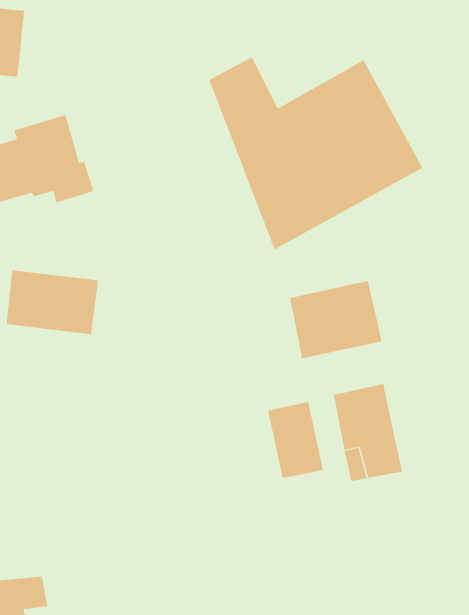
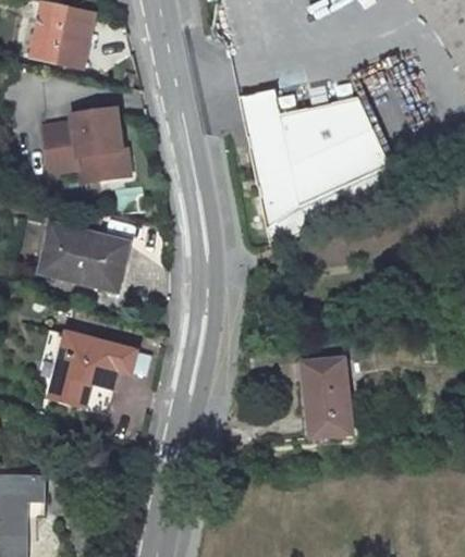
building: [289,280,382,359] -> none
building: none -> [48,330,137,410]
building: [268,401,324,479] -> none

